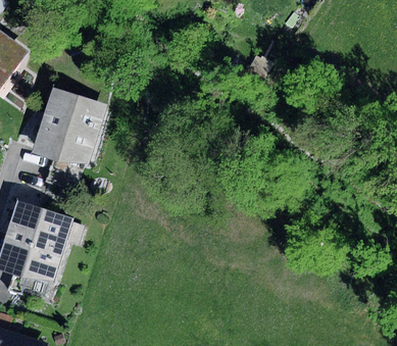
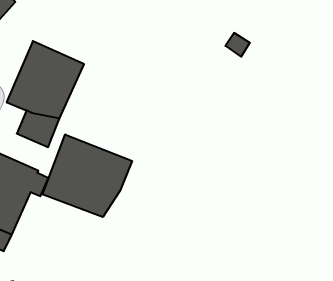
building: none -> [42,134,132,217]

